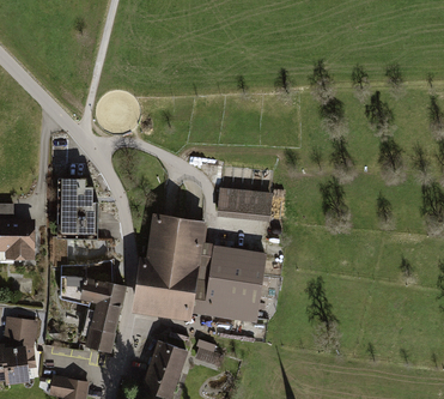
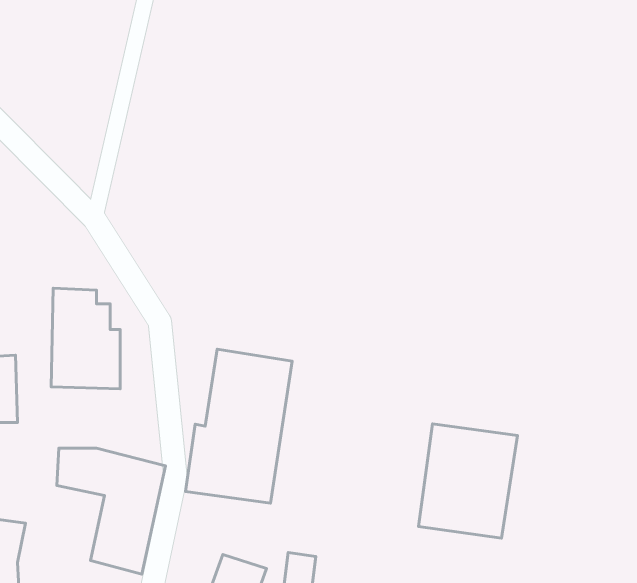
building: [218,188,272,220] -> none
building: [206,247,266,316] -> [419,424,517,538]

